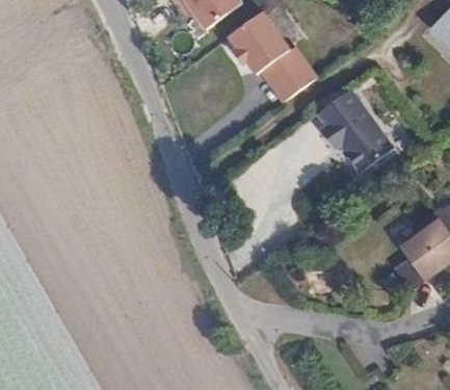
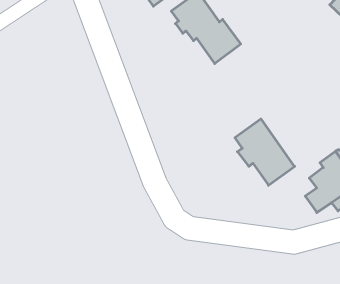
building: [316,89,392,174] -> [235,119,295,185]

